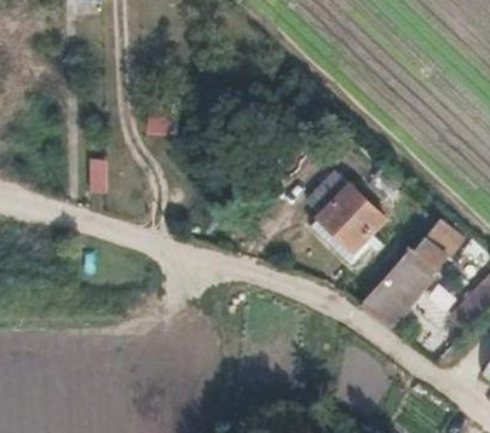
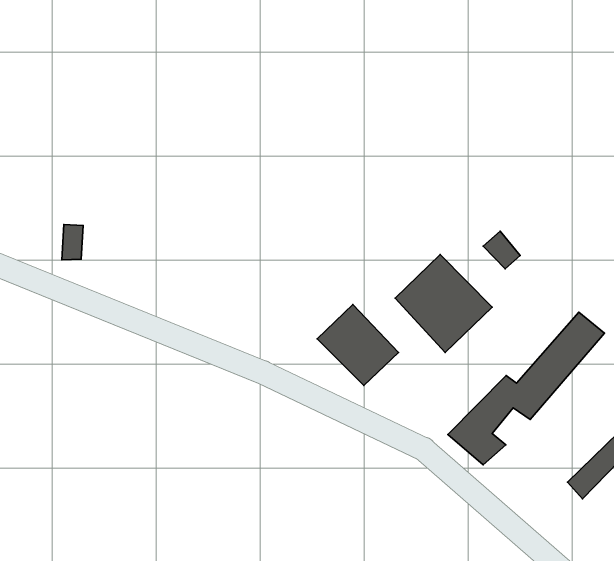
building: none -> [317,304,398,386]

